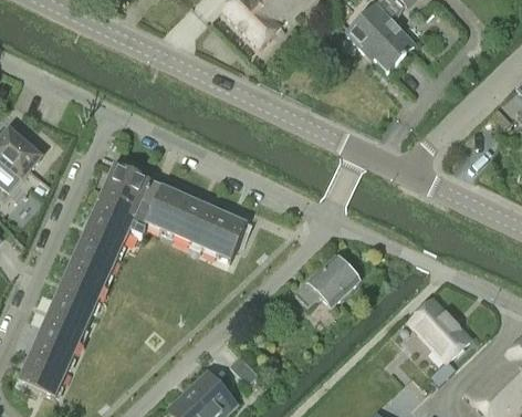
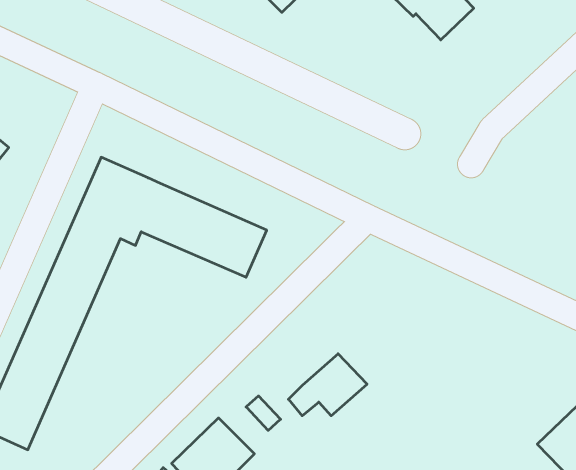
building: [295,254,358,304] -> [288,354,367,416]
building: [411,300,470,361] -> none

